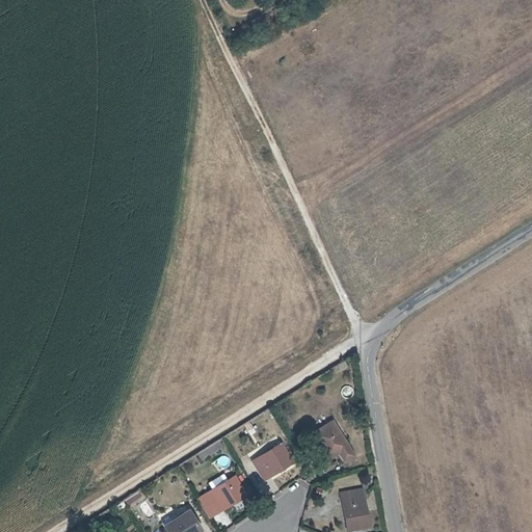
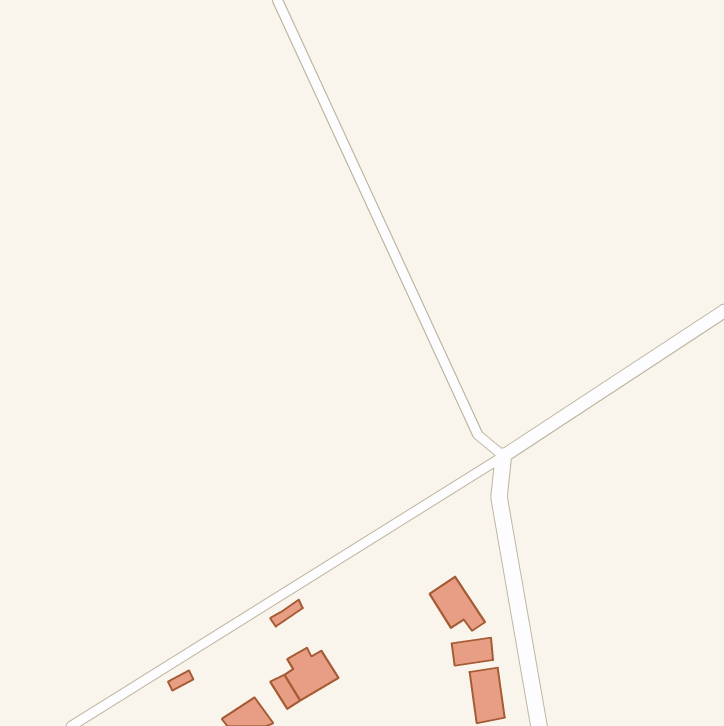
building: [254,444,293,480] -> none
building: none -> [452,638,493,666]

